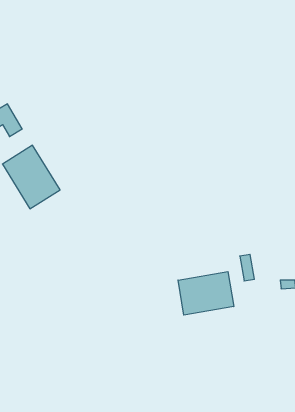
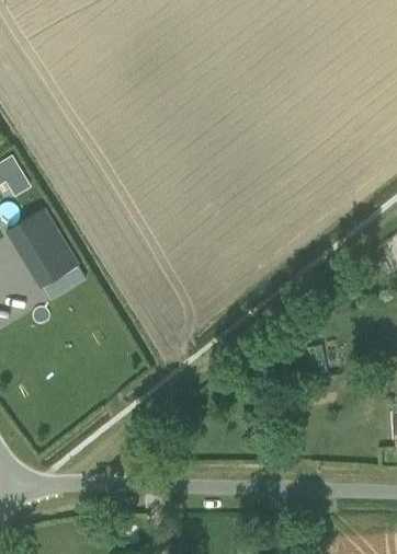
building: [178,272,234,315] -> none

